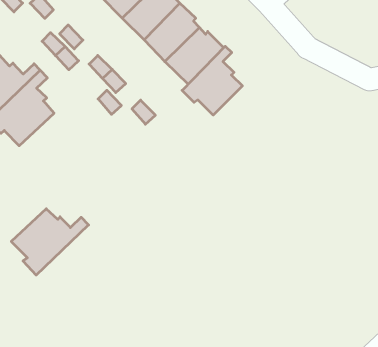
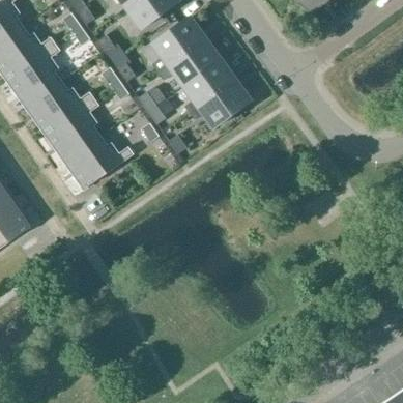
building: [182,46,242,115] -> none
building: [11,209,89,275] -> [67,136,134,190]

